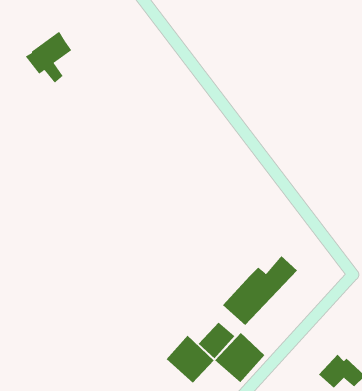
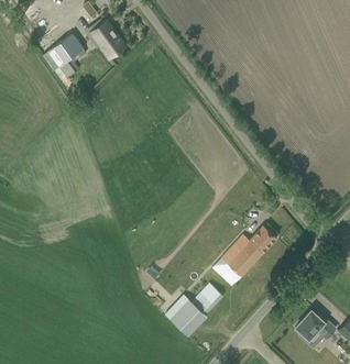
building: none -> [91,21,125,58]
building: [214,332,265,383] -> none

